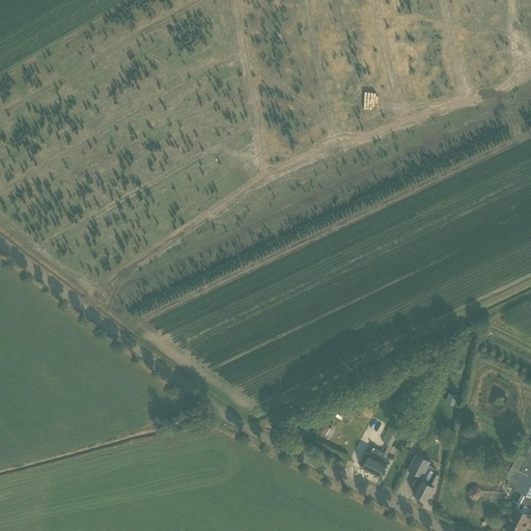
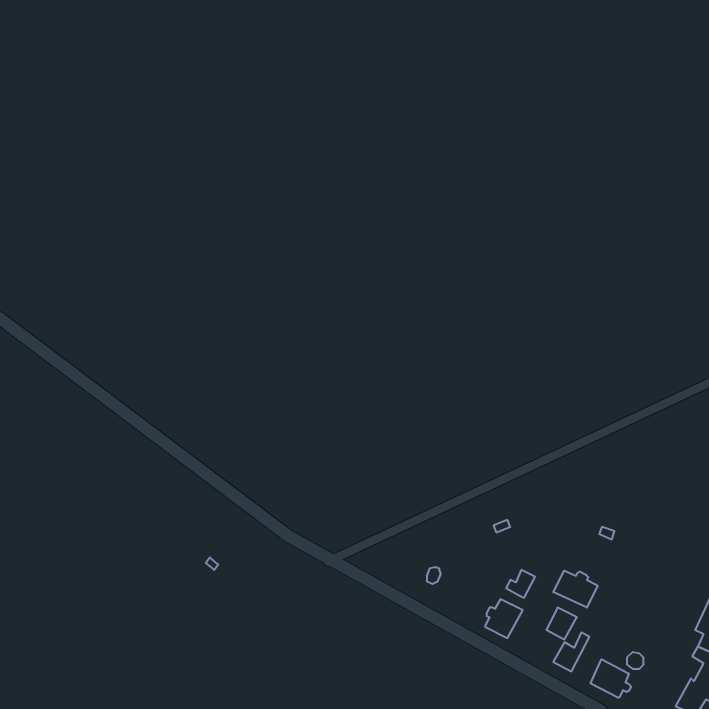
building: none -> [553,571,598,608]
building: none -> [591,659,631,698]

